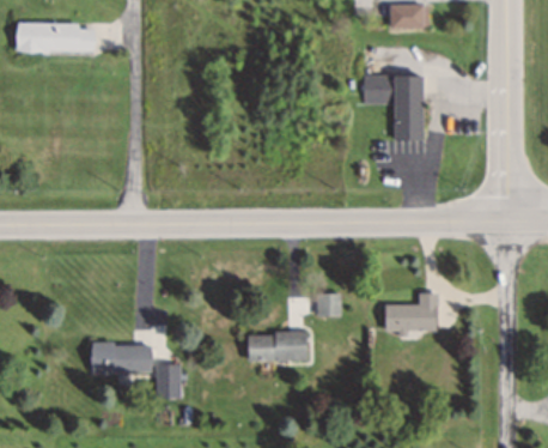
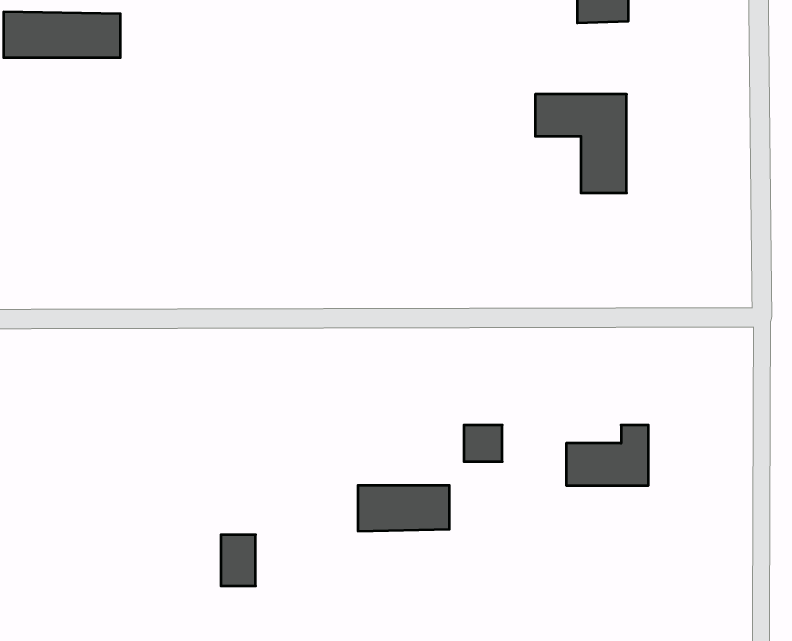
building: [90,343,151,373] -> none

